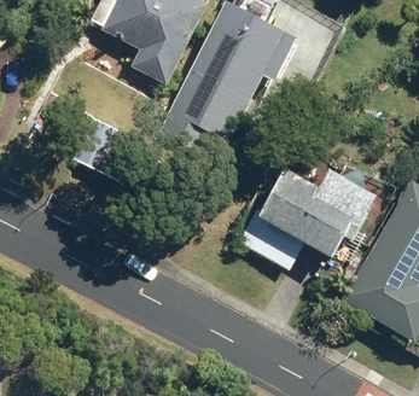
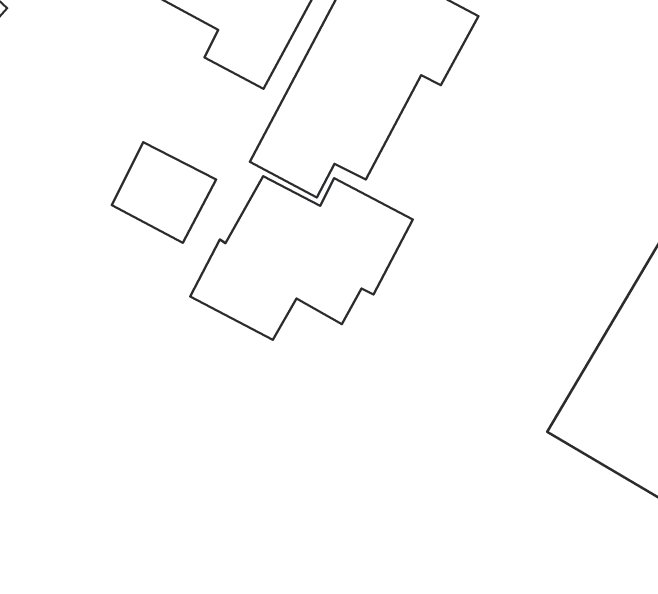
building: [238,167,374,267] -> [190,176,413,340]

